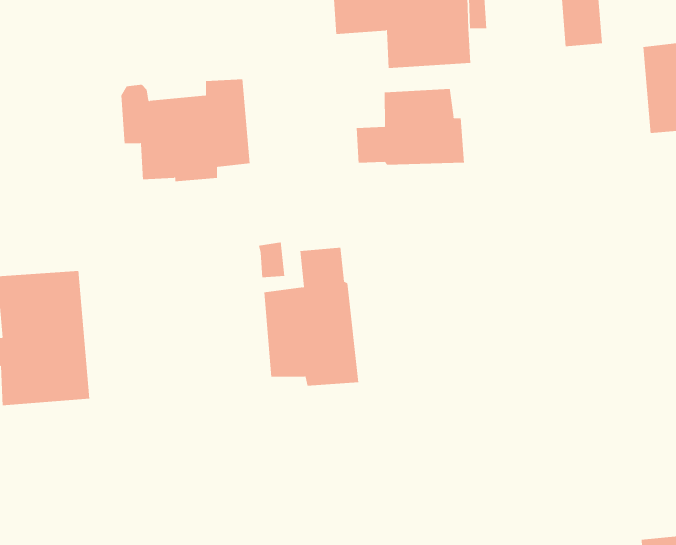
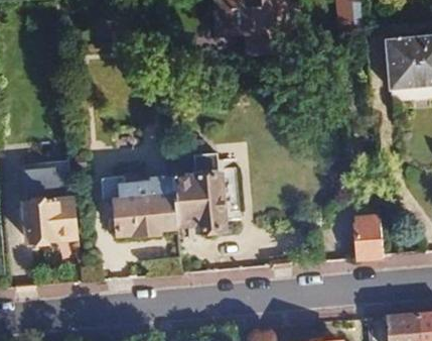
building: [120,79,250,182] -> [107,179,179,236]
building: [356,88,464,165] -> none
building: none -> [356,222,384,257]

